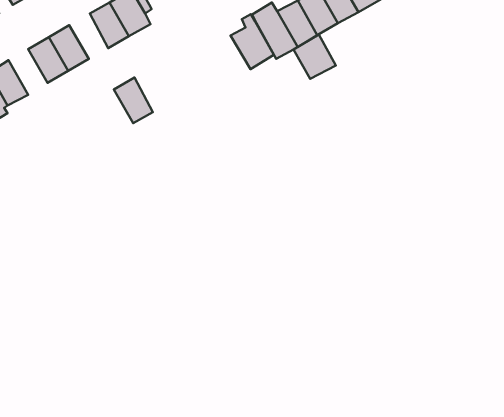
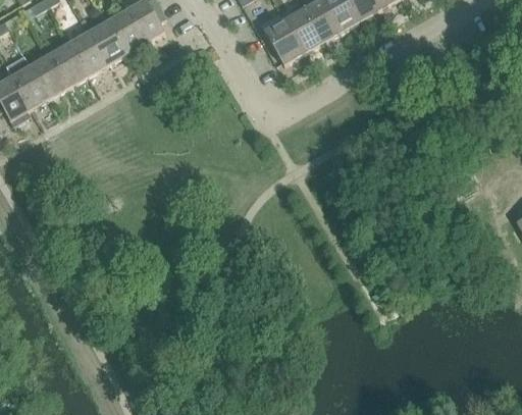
building: [231,14,274,69] -> none
building: [293,35,336,79] -> none
building: none -> [31,55,67,98]
building: [114,78,153,123] -> [88,21,124,64]

